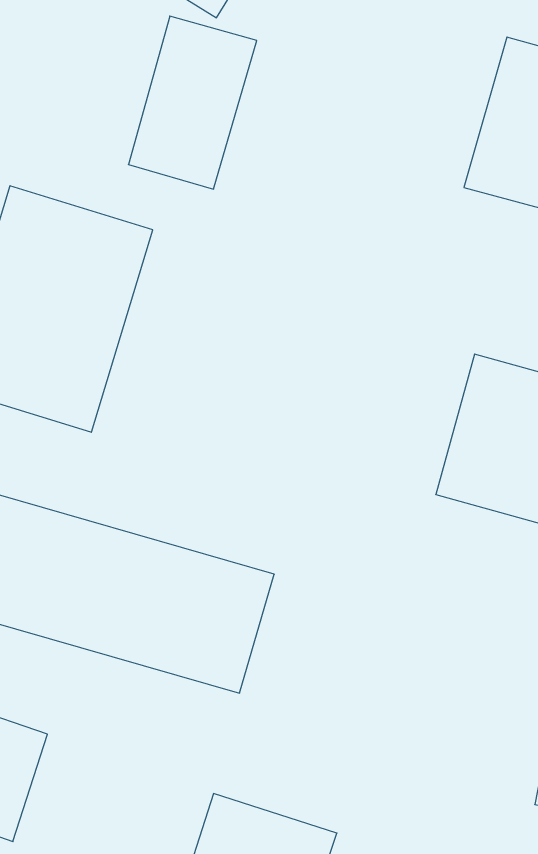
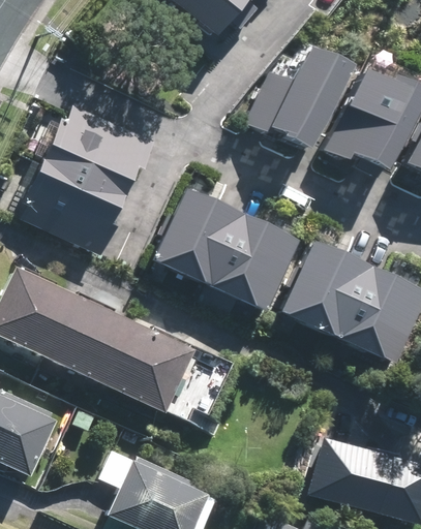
building: [128,16,257,189] -> [259,51,339,149]
building: none -> [157,189,298,311]

